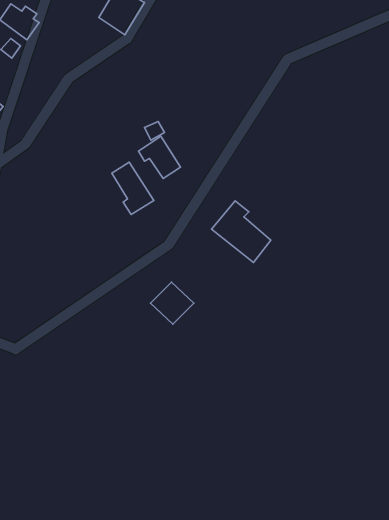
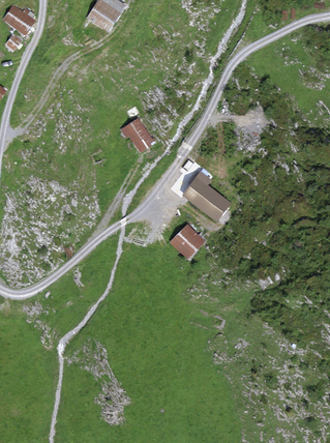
building: [112,162,154,214] -> none
building: [150,282,194,324] -> [170,224,206,259]

